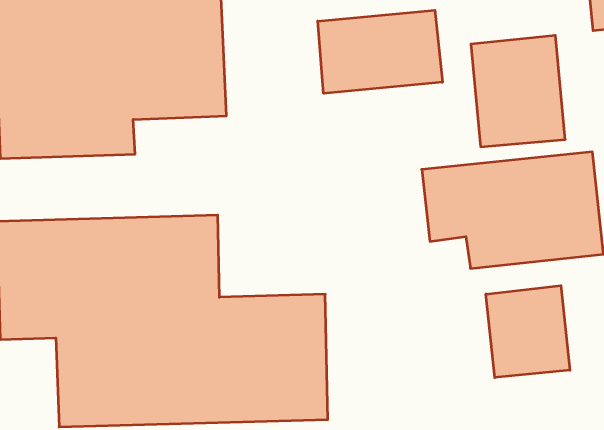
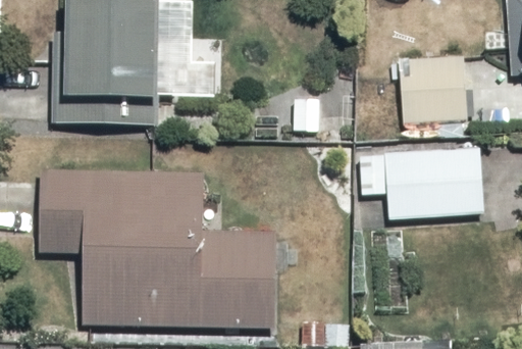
building: [318,10,442,93] -> none
building: [486,286,570,378] -> none

